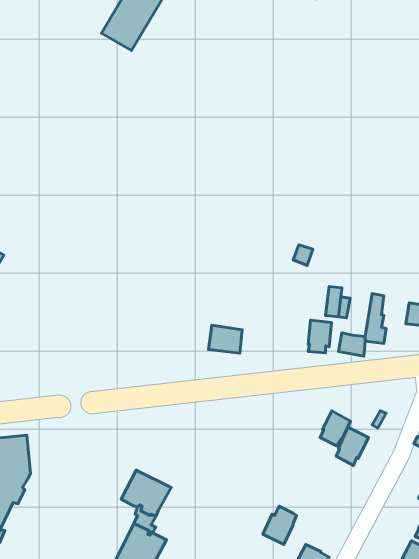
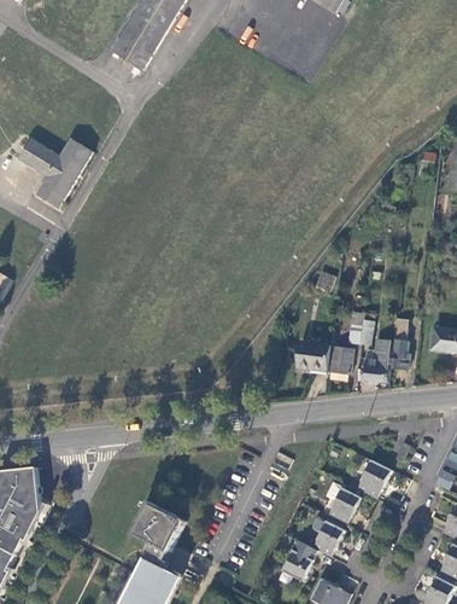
building: none -> [18,137,93,207]
building: [208,325,242,353] -> [294,342,329,371]
building: [320,411,350,446] -> [328,487,359,523]
building: none -> [311,516,344,556]

